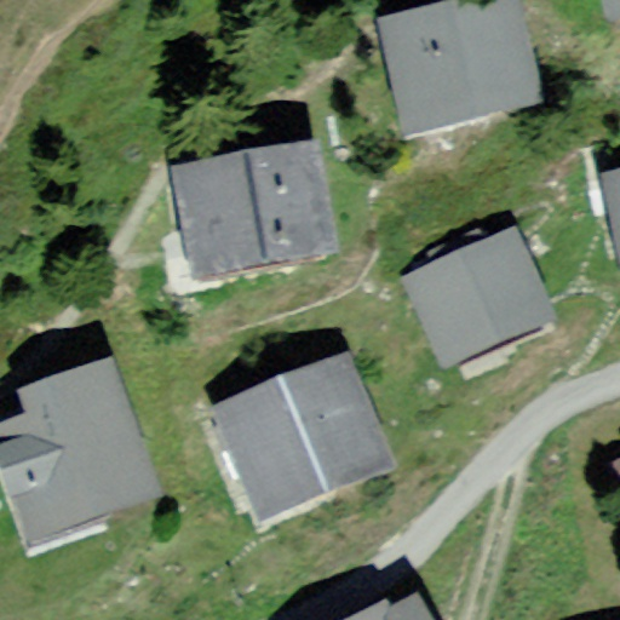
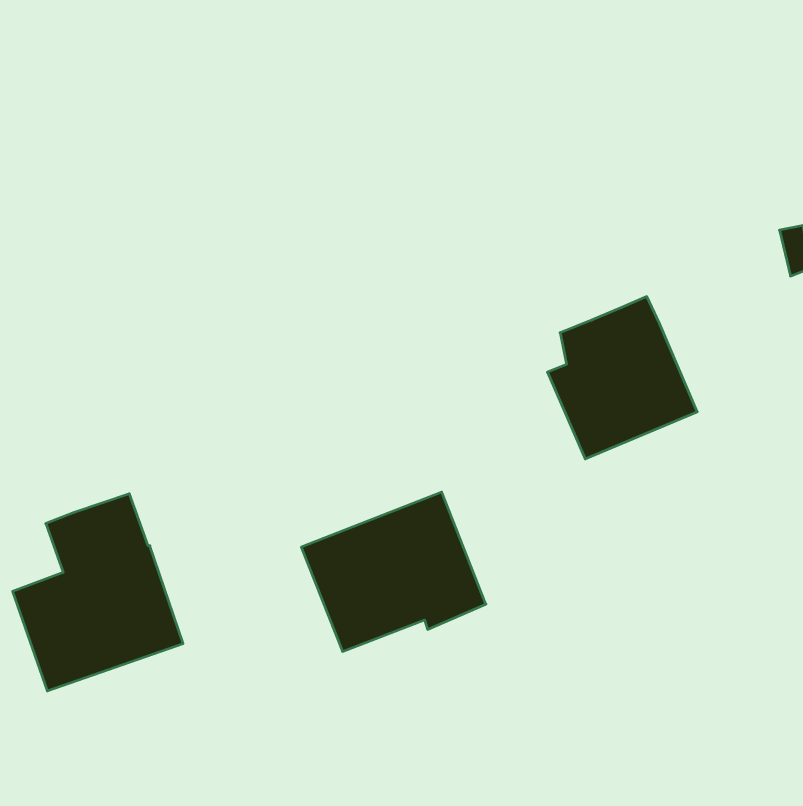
building: [397,10,528,125] -> none
building: [189,162,325,266] -> none

